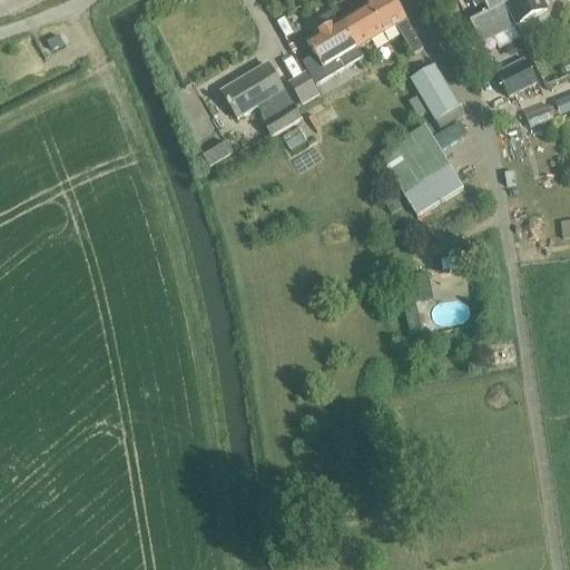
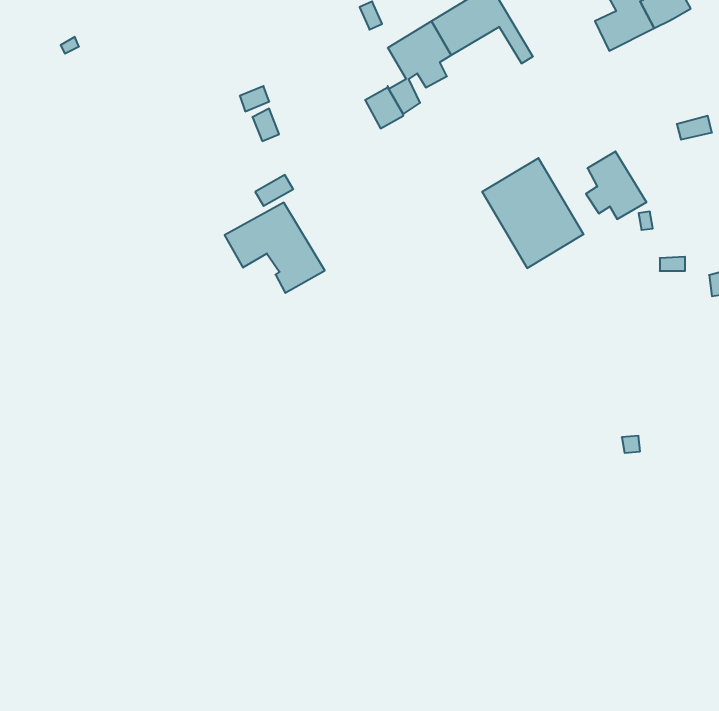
building: [499,60,535,92] -> none
building: [224,62,303,134] -> [225,203,325,293]
building: [410,63,458,117] -> [586,151,647,219]

